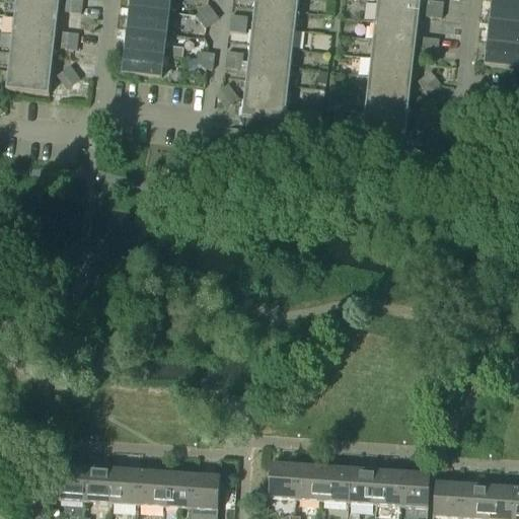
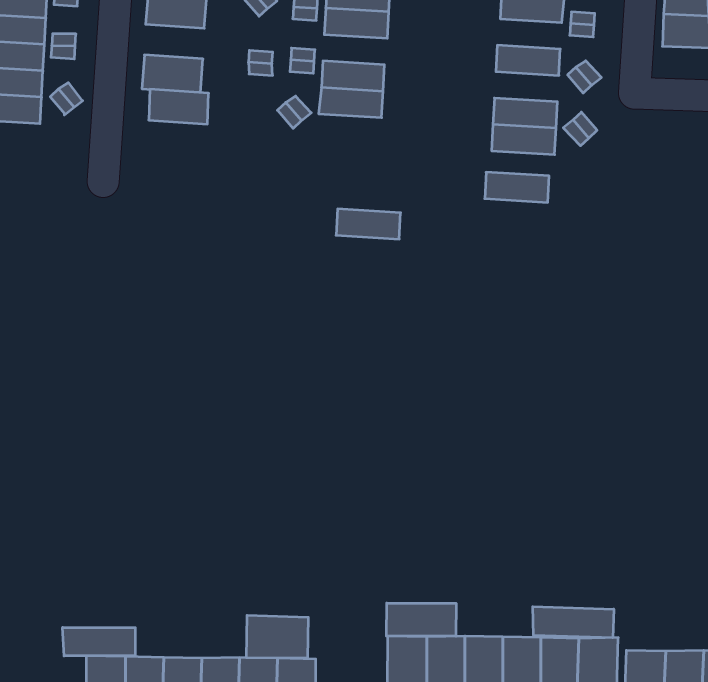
building: [125,27,167,54] -> [149,89,209,124]
building: [370,38,416,61] -> none
building: [248,42,294,65] -> none
building: [366,74,412,97] -> [485,172,549,202]
building: [241,96,287,120] -> [336,209,401,239]
building: none -> [386,603,456,636]
building: none -> [246,615,308,658]
building: none -> [63,627,135,656]
building: none -> [533,607,614,638]

